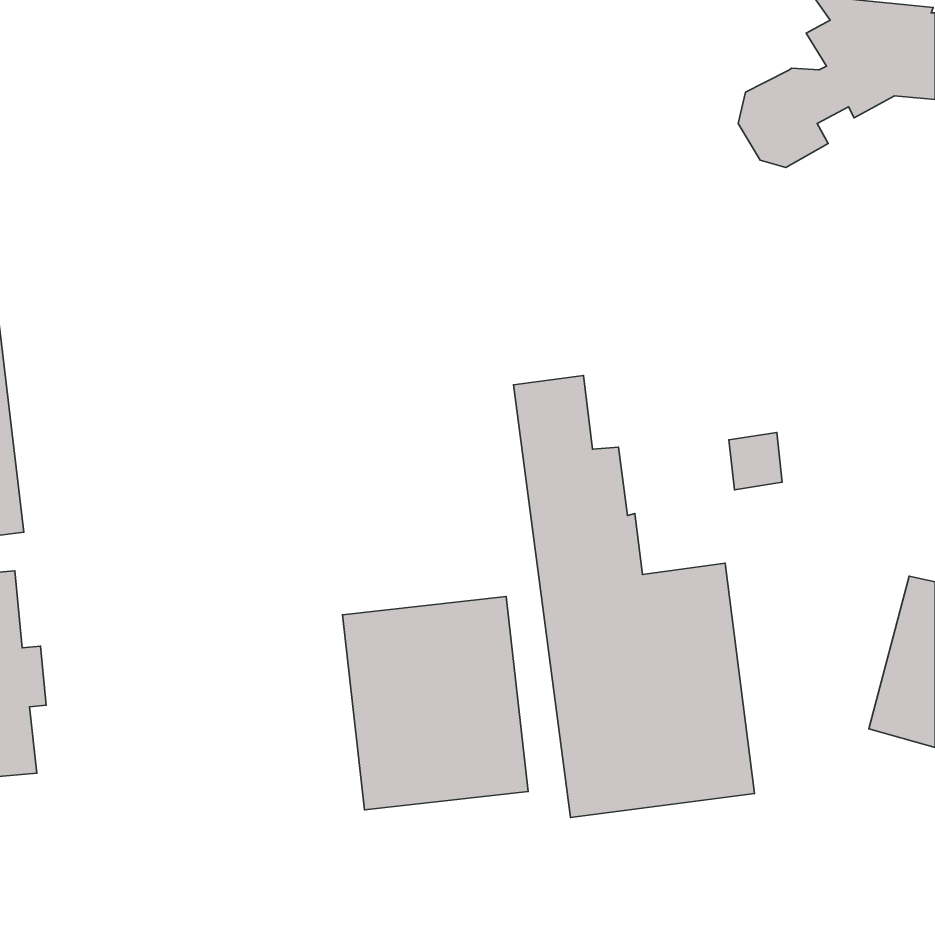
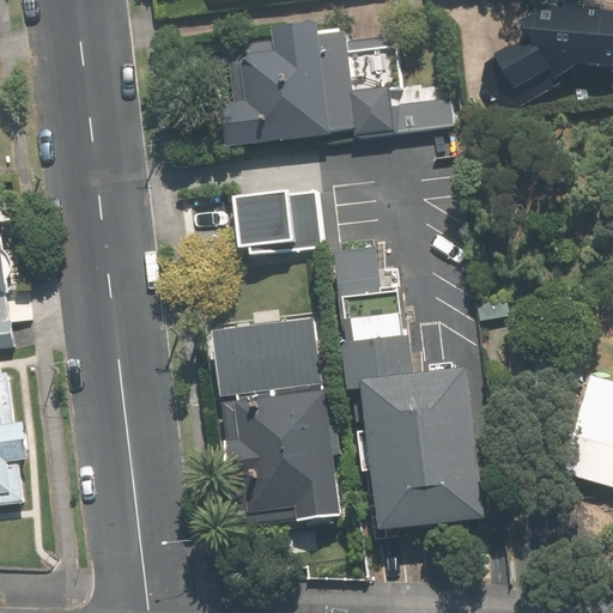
building: none -> [220,20,454,145]
building: none -> [226,184,296,263]
building: none -> [216,320,324,395]

